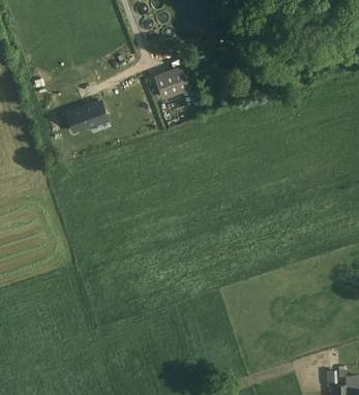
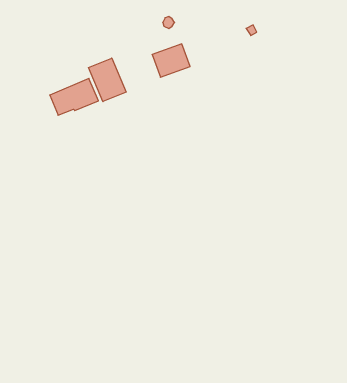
building: none -> [89,58,126,102]

